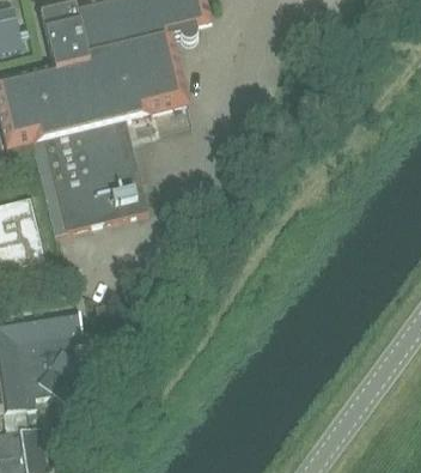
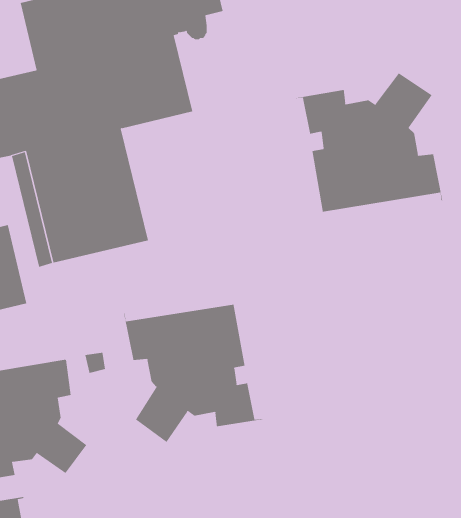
building: none -> [294,72,443,212]
building: none -> [124,304,263,443]

